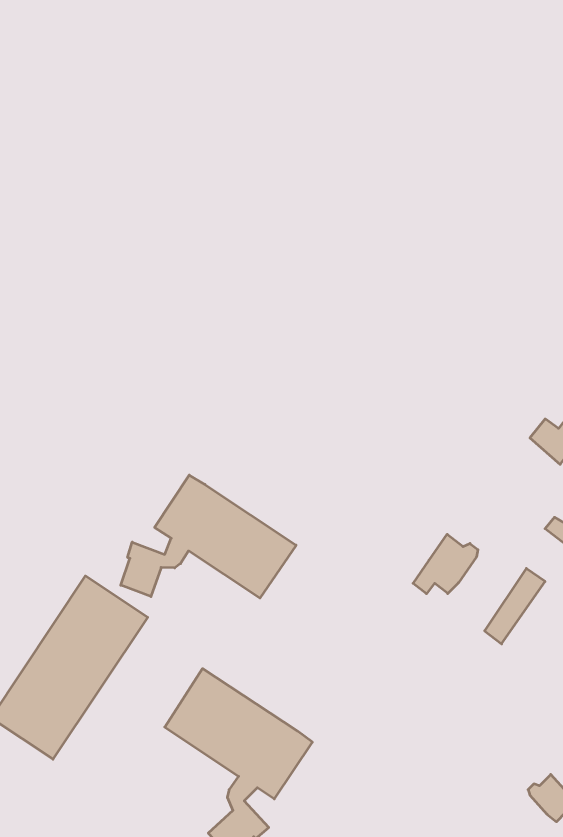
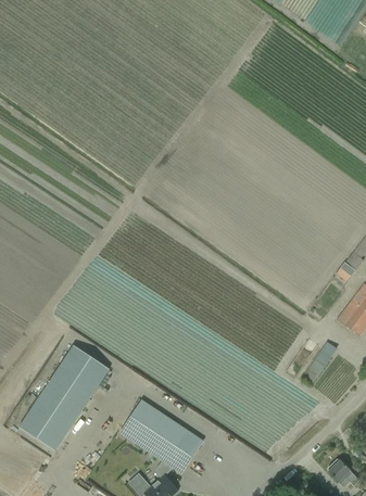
building: [121,475,296,598] -> none
building: [413,534,478,594] -> none

